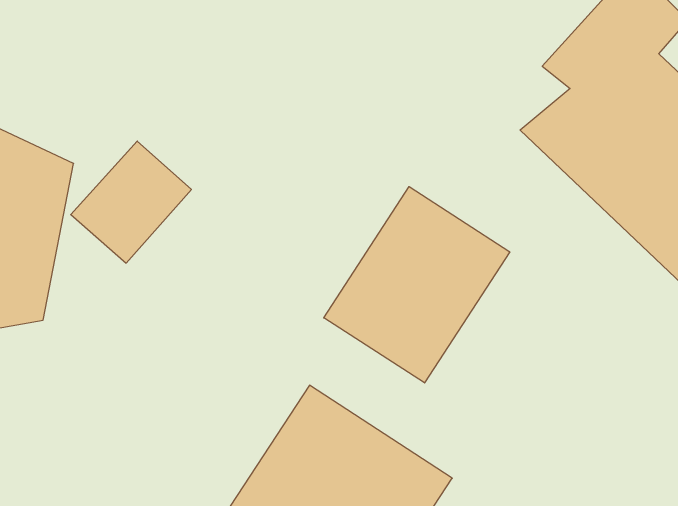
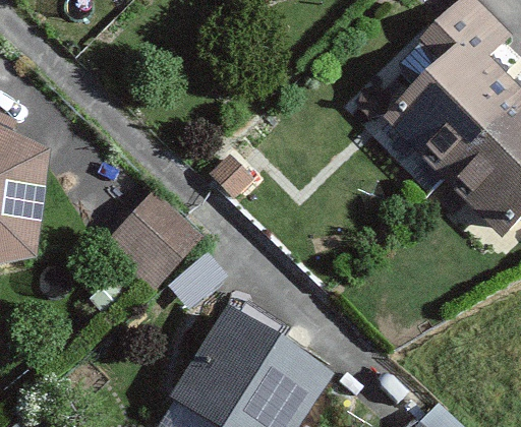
building: [71,141,191,263] -> [107,192,195,282]
building: [324,187,510,383] -> none

